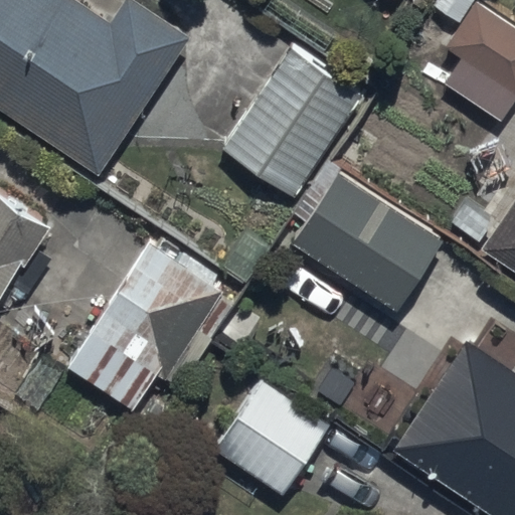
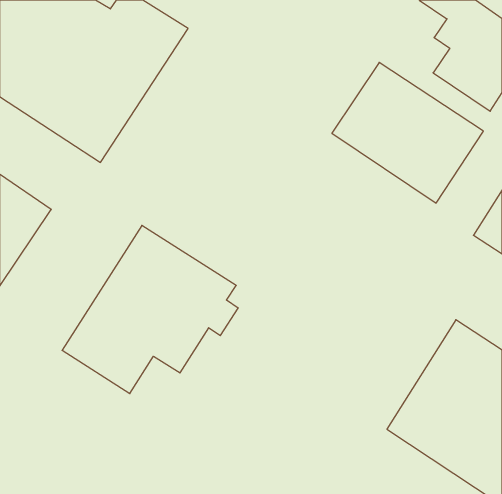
building: [224,44,364,194] -> none
building: [291,167,446,311] -> [332,62,483,203]
building: [215,383,383,501] -> none

